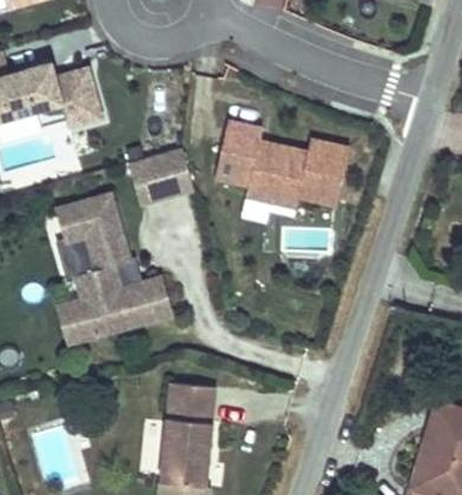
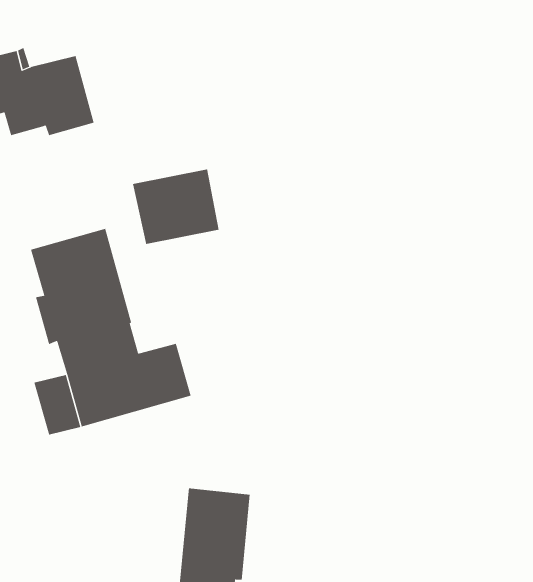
building: [215,119,349,205] -> none

